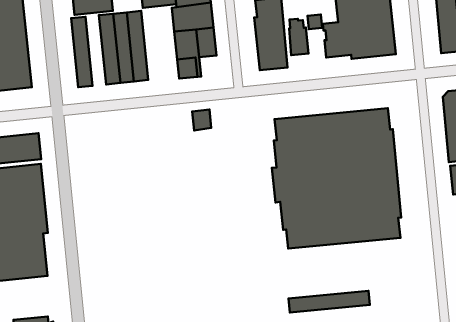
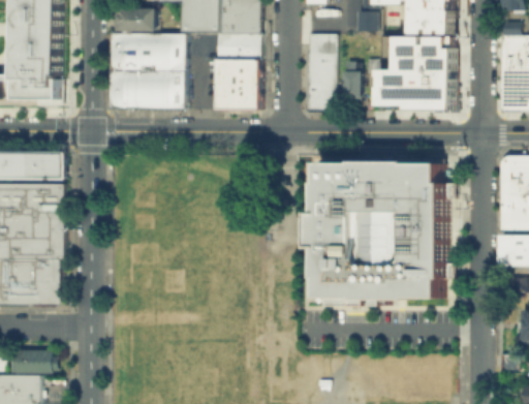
building: none -> [125,33,139,107]
building: [192,110,211,131] -> [242,89,260,110]
building: [289,291,370,312] -> none

